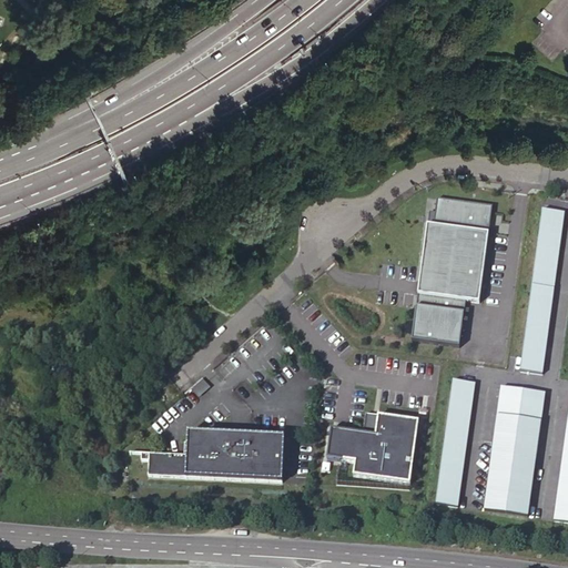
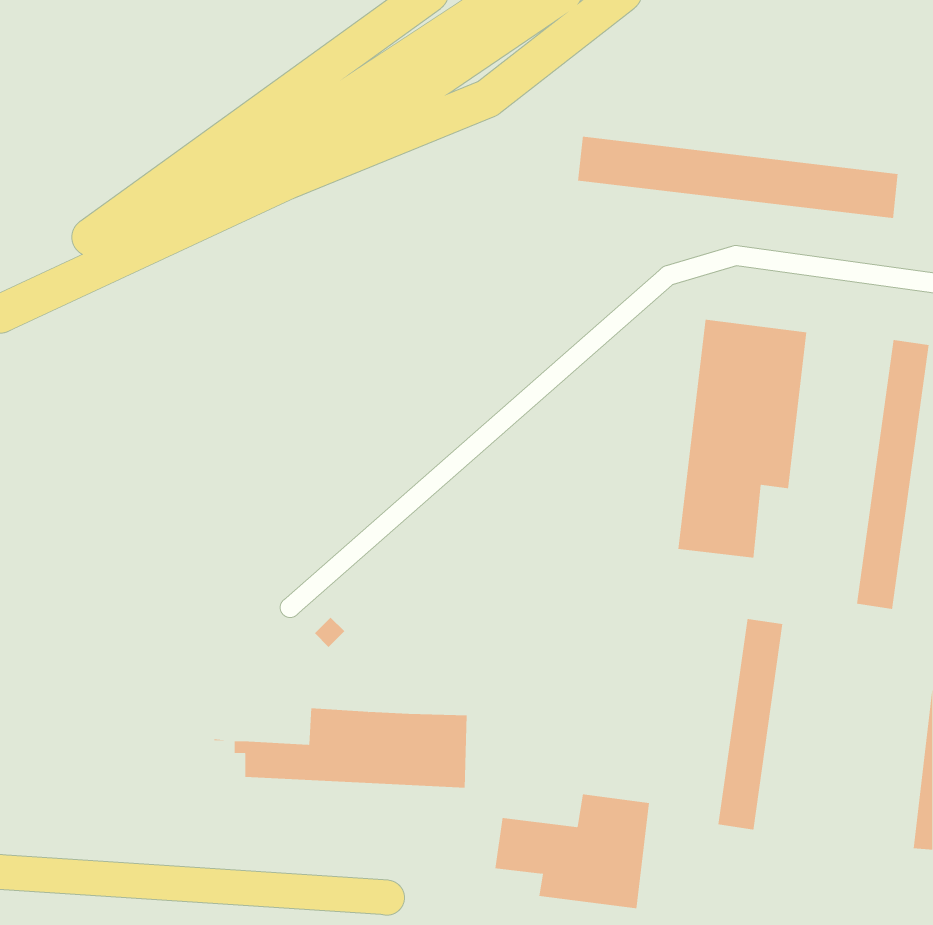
building: none -> [577,136,898,219]
building: [484,382,545,513] -> none
building: [323,412,417,481] -> [495,794,650,909]

